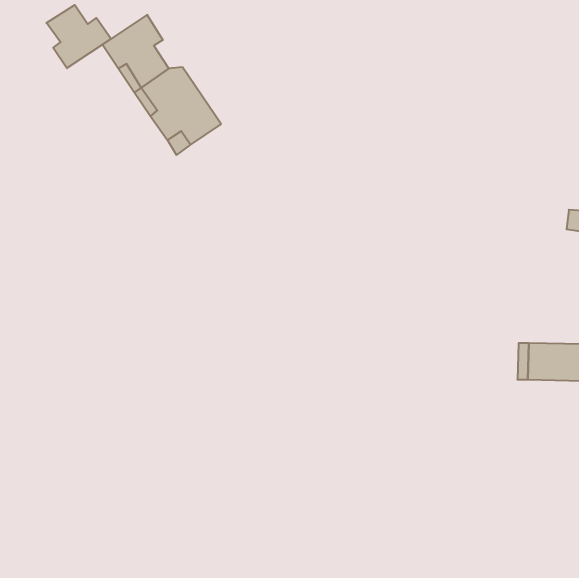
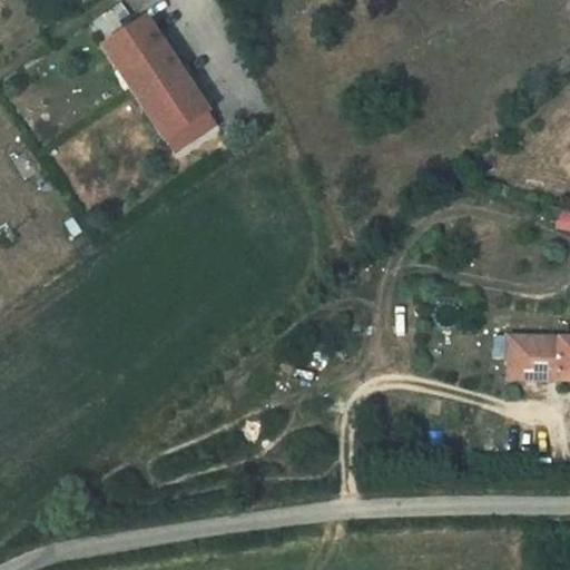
building: [46,5,111,68] -> none

